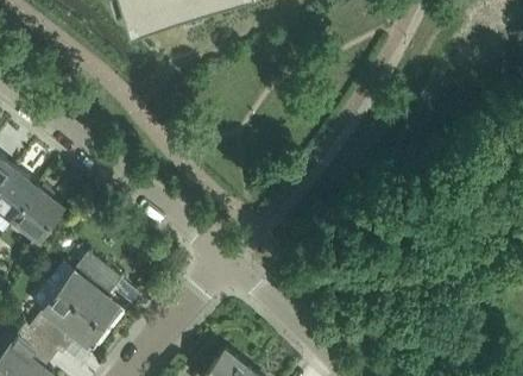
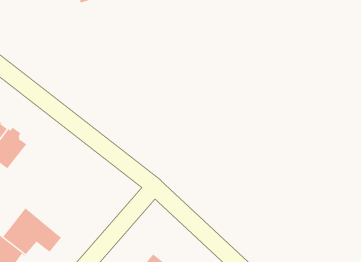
building: [58,255,121,331] -> none

